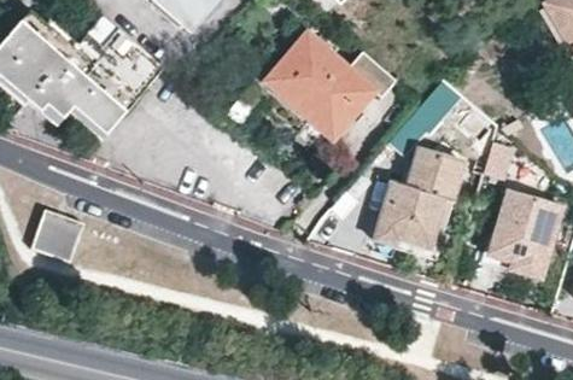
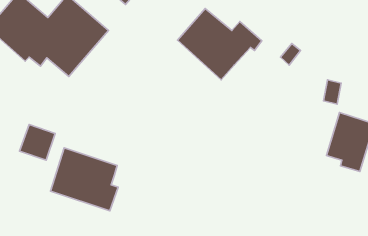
building: [373,148,466,252] -> none
building: none -> [51,148,118,211]

